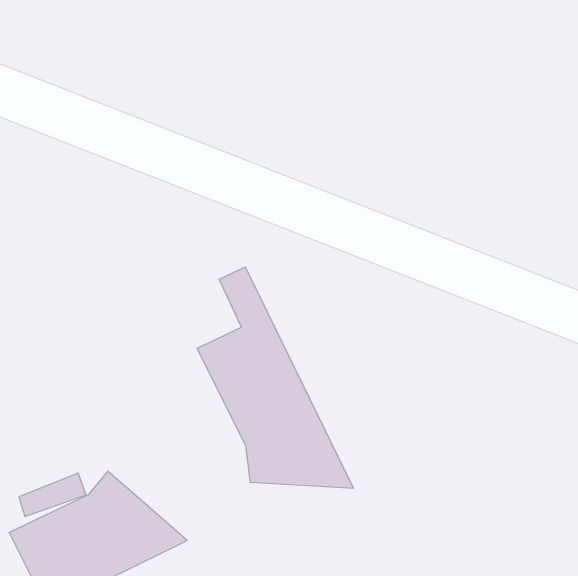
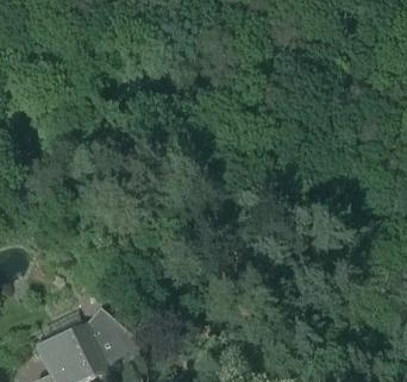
building: [197,267,353,488] -> none

